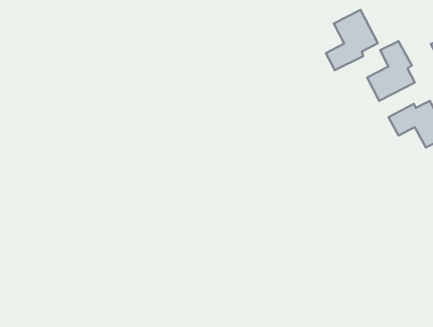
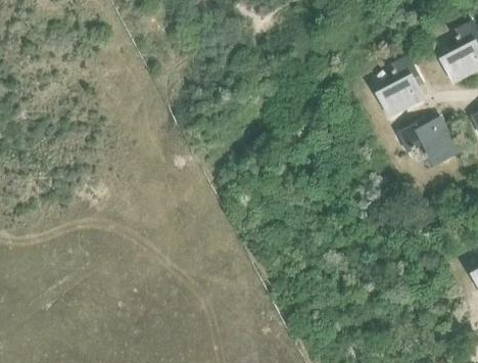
building: [326,10,378,70] -> none

